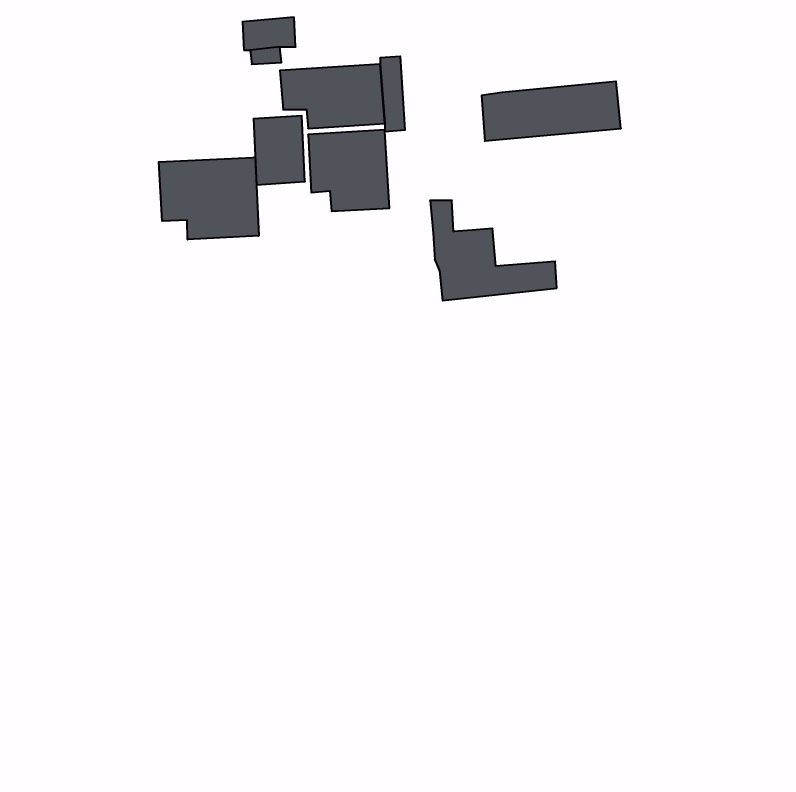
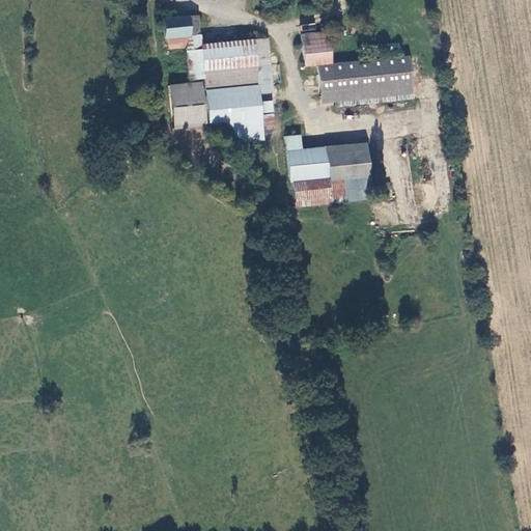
building: none -> [306,30,335,64]
building: [159,157,259,240] -> none
building: none -> [329,148,370,176]

